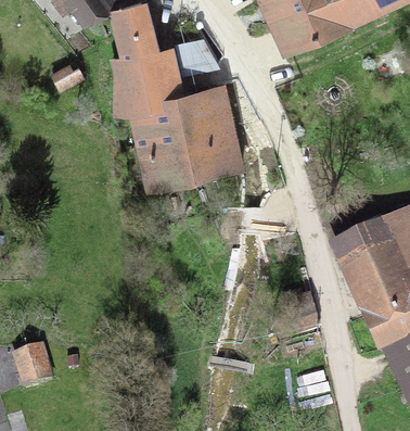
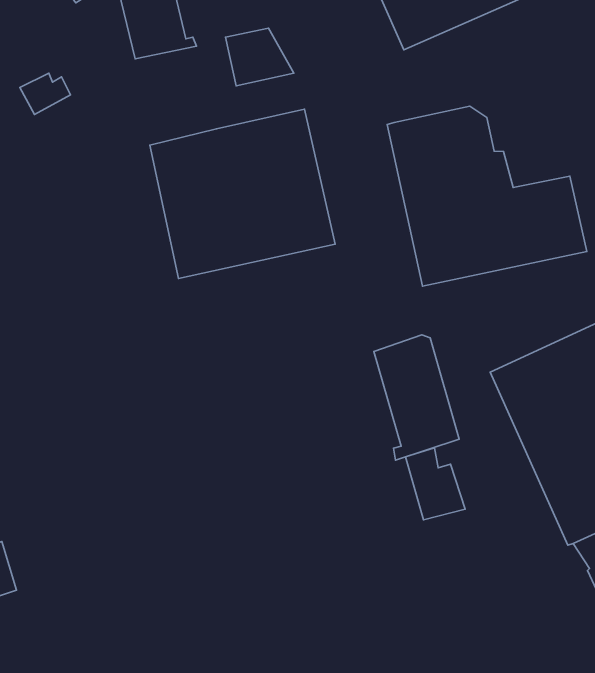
building: [112,48,169,111] -> none
building: none -> [387,106,587,286]
building: none -> [374,335,459,460]

